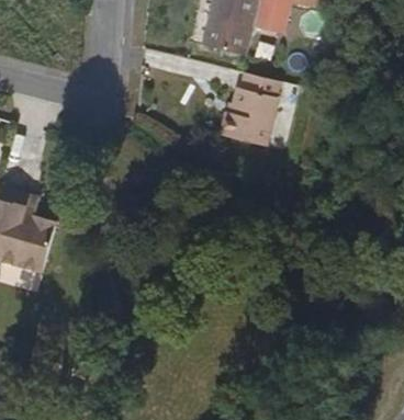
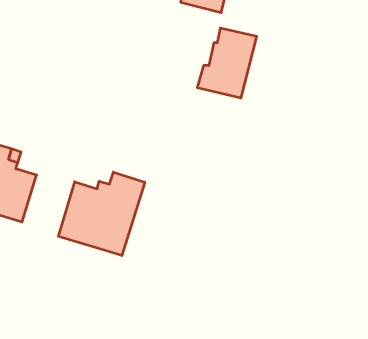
building: none -> [58,172,145,256]

